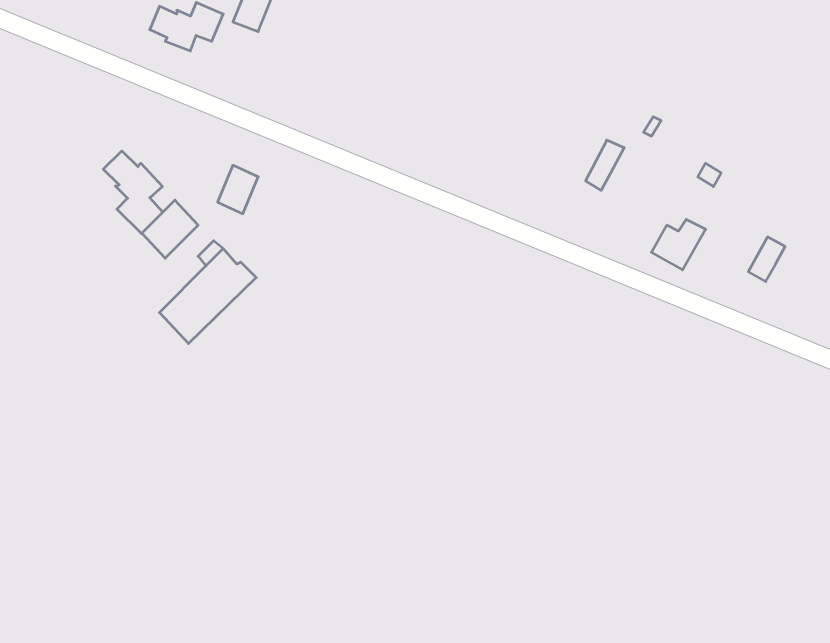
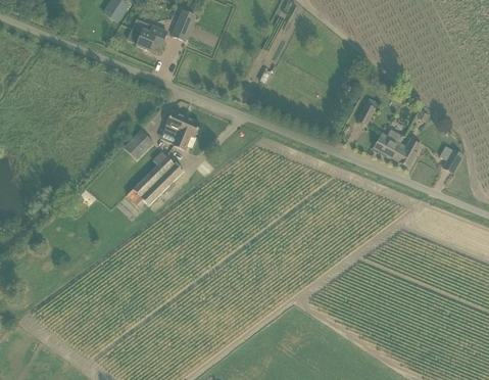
building: [103,151,163,234] -> none
building: none -> [173,117,199,150]
building: none -> [373,128,403,157]

